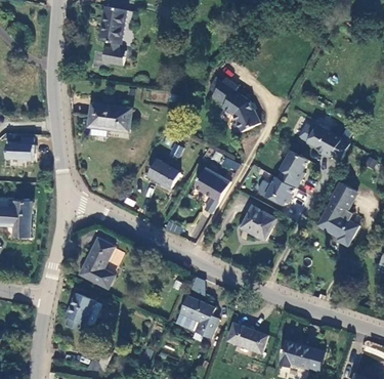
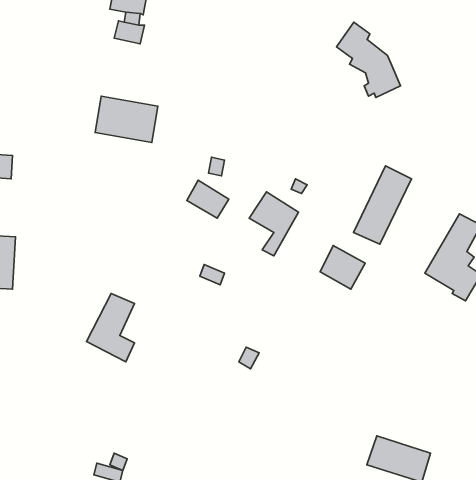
building: [212,78,257,131] -> [337,22,400,98]
building: [308,124,351,161] -> none
building: [66,293,96,330] -> none
building: [179,295,218,339] -> none
building: [227,323,266,353] -> none

